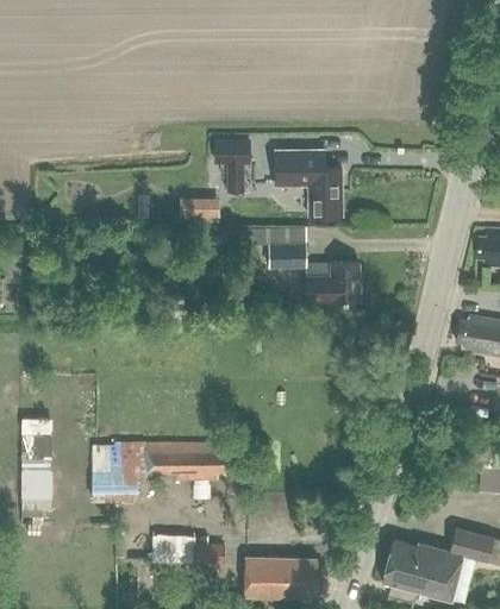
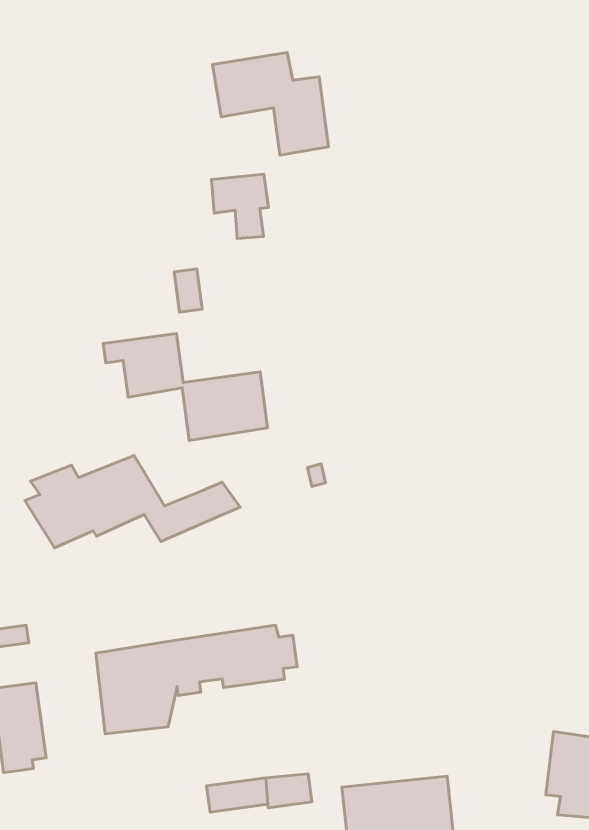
building: [273,149,343,216] -> [212,53,329,155]
building: [257,230,360,302] -> [103,333,268,440]
building: none -> [25,456,240,548]

